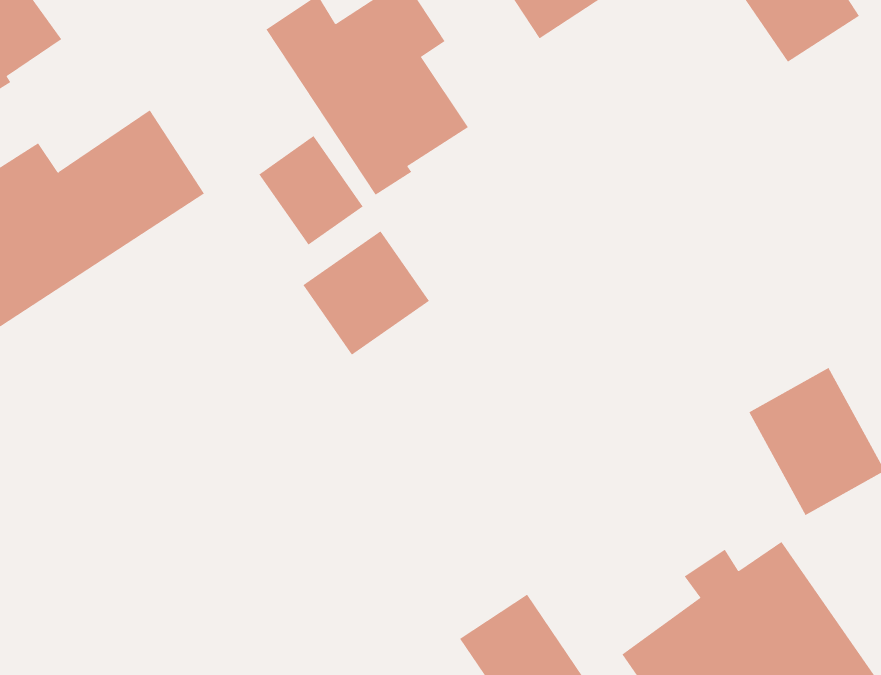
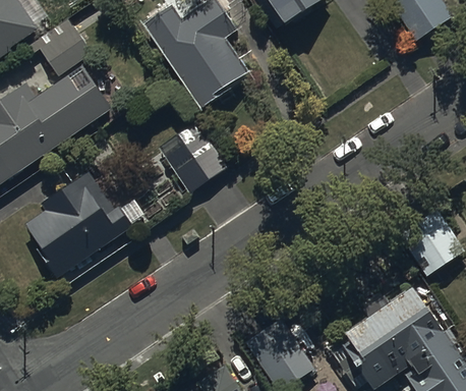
building: none -> [26,14,93,75]
building: [259,135,364,246] -> none
building: none -> [25,172,133,277]

